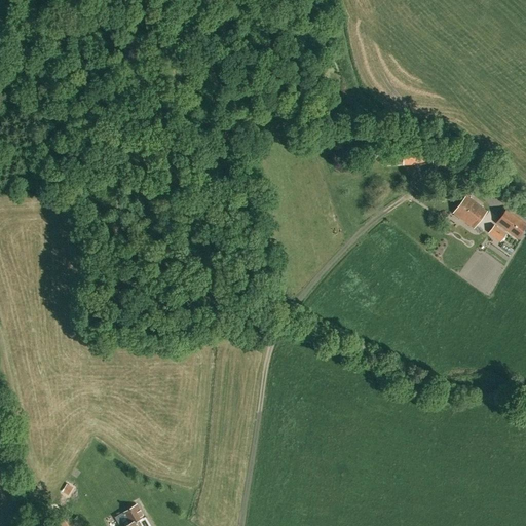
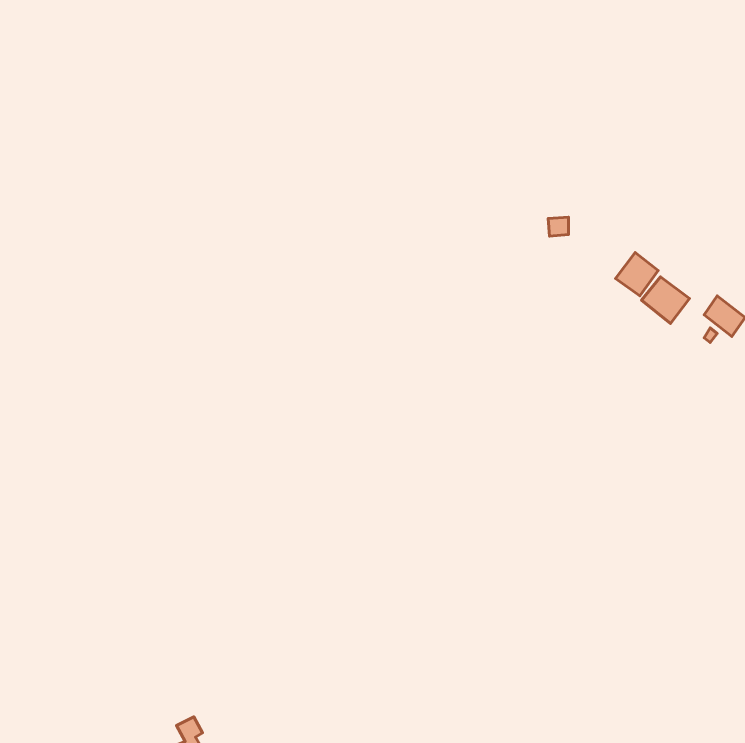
building: none -> [615,253,658,296]

